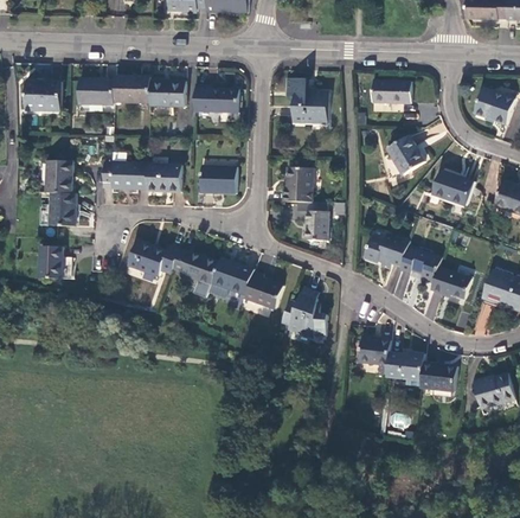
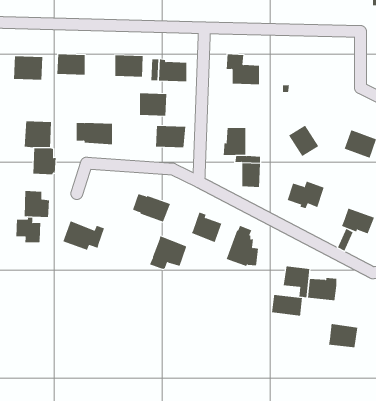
building: [115,76,152,102] -> none
building: [371,81,409,104] -> none
building: [386,136,424,175] -> [288,125,319,157]
building: [148,164,182,192] -> [139,93,167,116]
building: [127,239,179,276] -> [62,220,105,250]
building: [398,245,439,281] -> none
building: [207,257,253,299] -> [149,236,187,269]
building: none -> [16,217,41,243]
building: [419,362,456,391] -> [328,324,358,348]
building: none -> [272,294,303,316]

